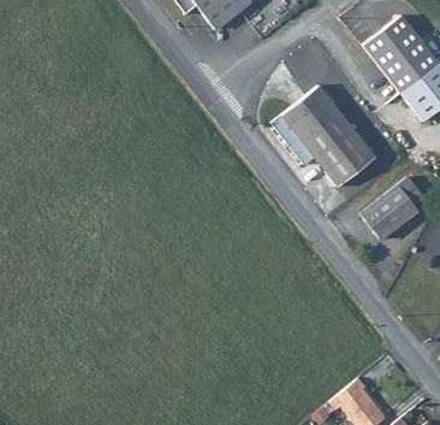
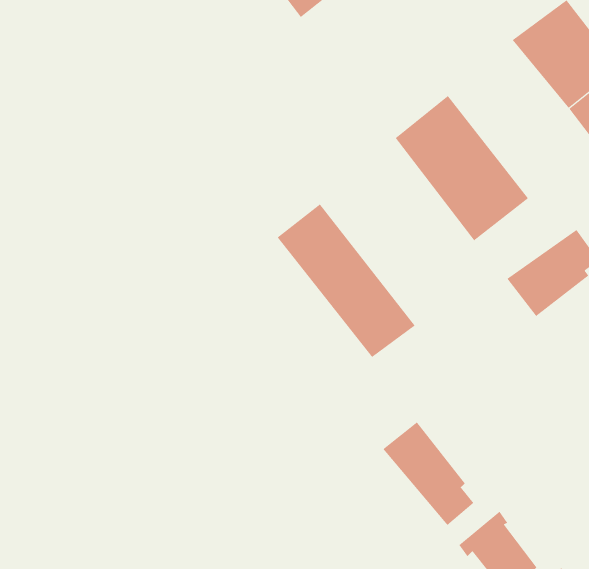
building: none -> [277,203,415,358]
building: none -> [382,422,474,526]

